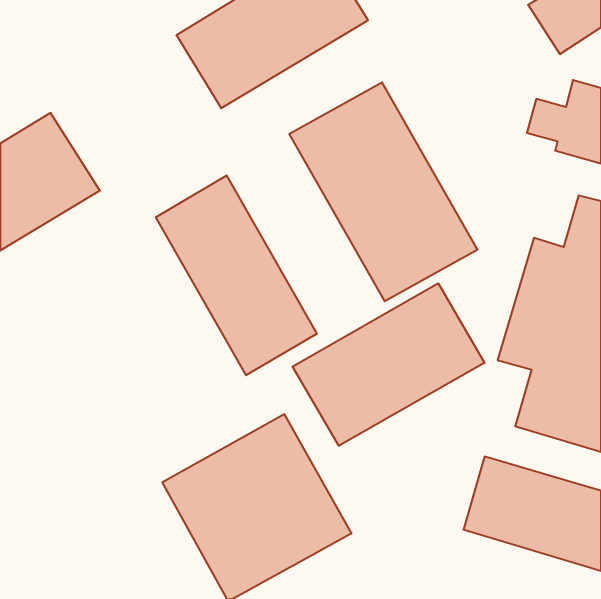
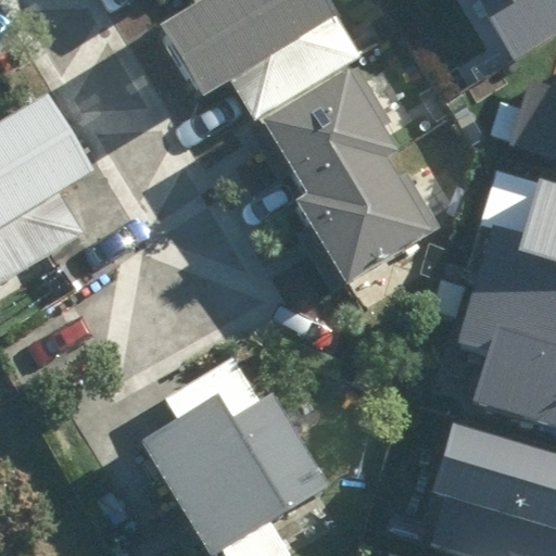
building: [156,175,317,375] -> none
building: [293,283,485,446] -> none

